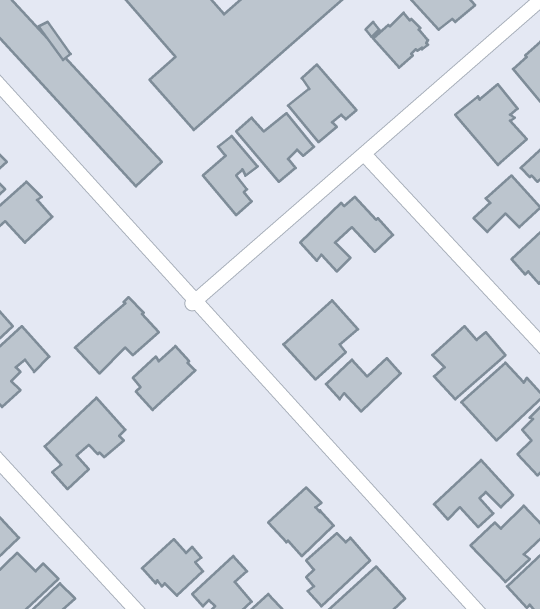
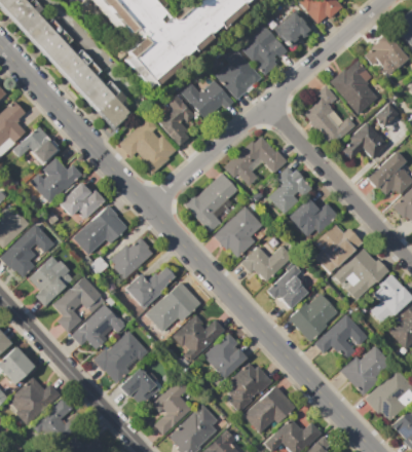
building: none -> [240,23,287,74]
building: none -> [303,84,355,146]
building: none -> [118,117,177,174]
building: none -> [29,157,82,203]
building: none -> [268,166,311,214]
building: none -> [183,173,238,233]
building: none -> [59,182,105,218]
building: none -> [289,198,338,236]
building: none -> [28,255,74,306]
building: none -> [267,264,307,308]
building: none -> [124,266,175,308]
building: none -> [146,281,199,331]
building: none -> [288,293,337,342]
building: none -> [71,304,124,348]
building: none -> [173,314,225,362]
building: none -> [92,331,149,383]

